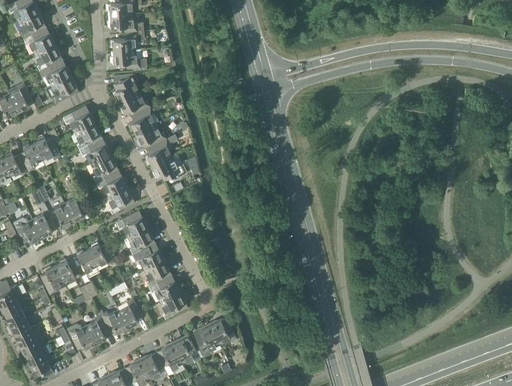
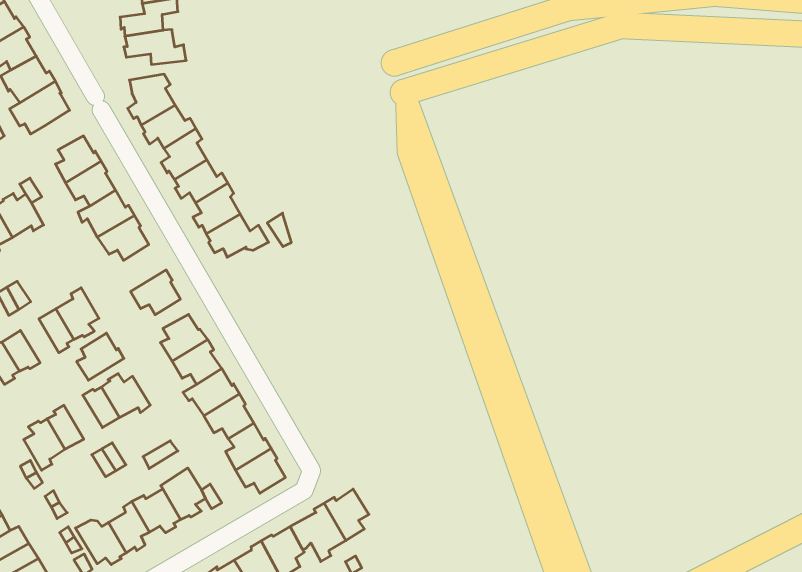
building: [100,170,127,196] -> [77,333,124,380]

